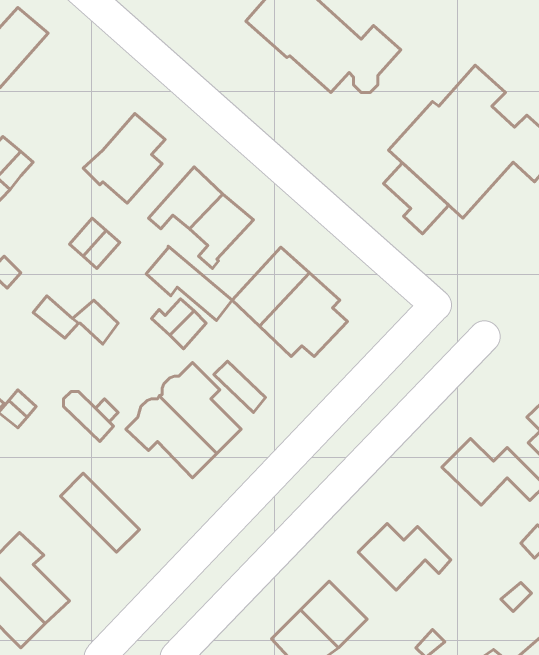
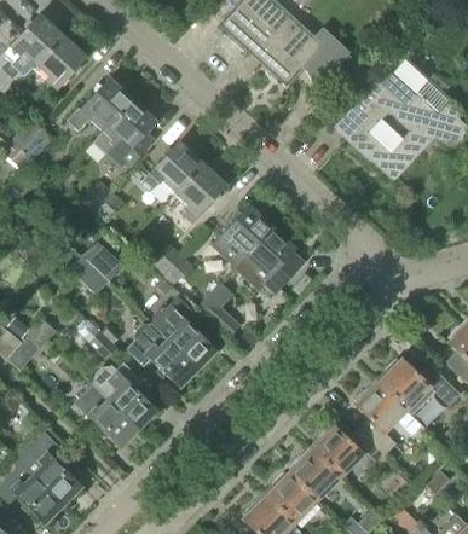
building: none -> [37,35,87,89]
building: none -> [65,79,133,133]
building: [383,163,449,234] -> none
building: [146,246,232,320] -> none
building: none -> [92,364,156,430]
building: none -> [354,381,409,454]
building: none -> [288,448,341,501]

